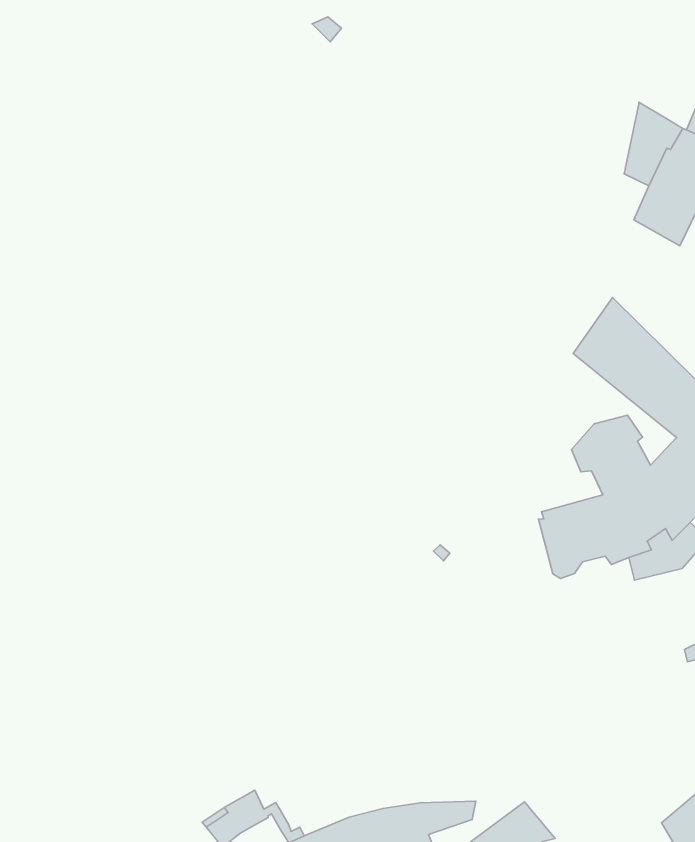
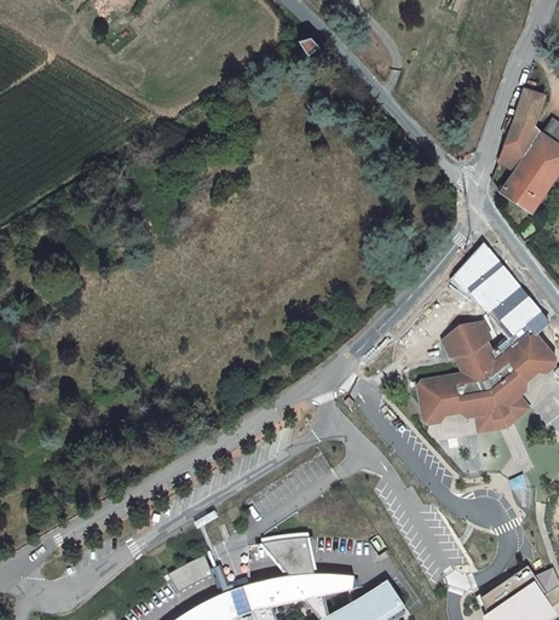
building: none -> [513,90,542,127]
building: none -> [267,534,321,572]

